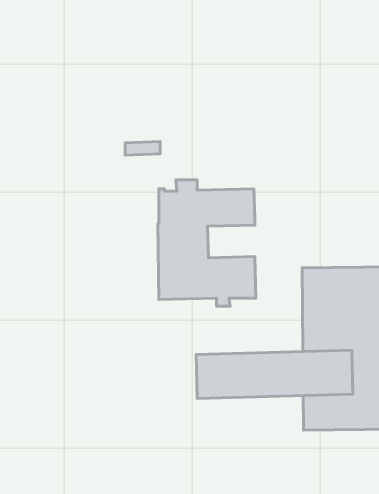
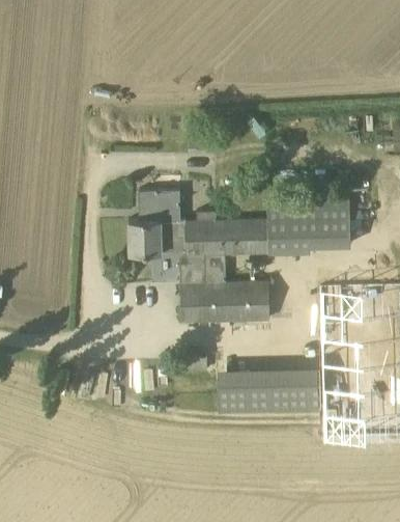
building: none -> [131,190,182,253]
building: none -> [268,198,352,253]

